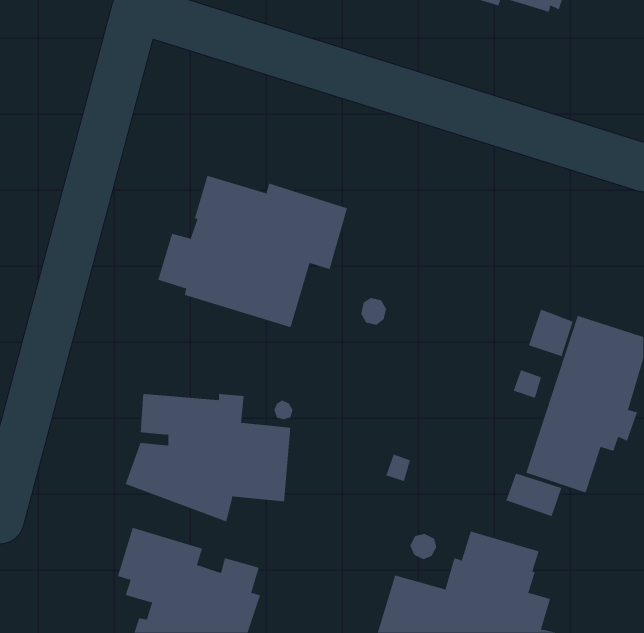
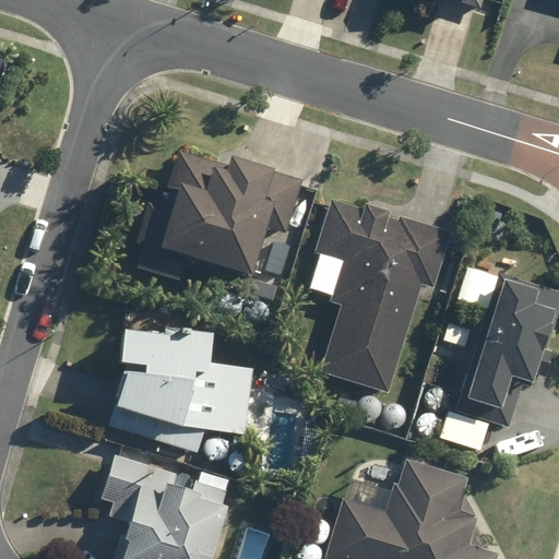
building: none -> [313,199,451,392]

